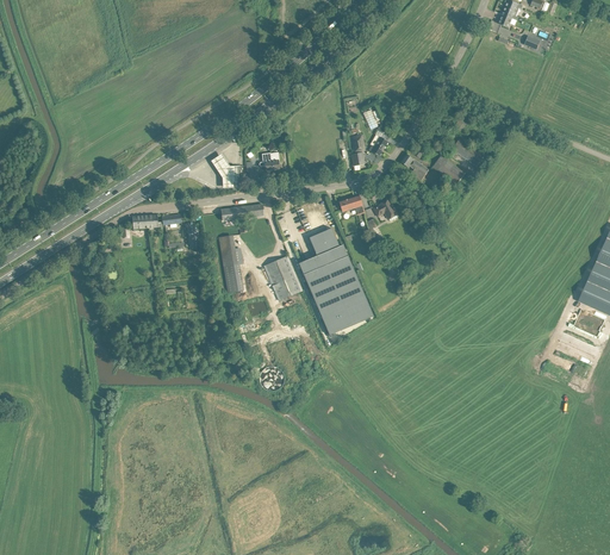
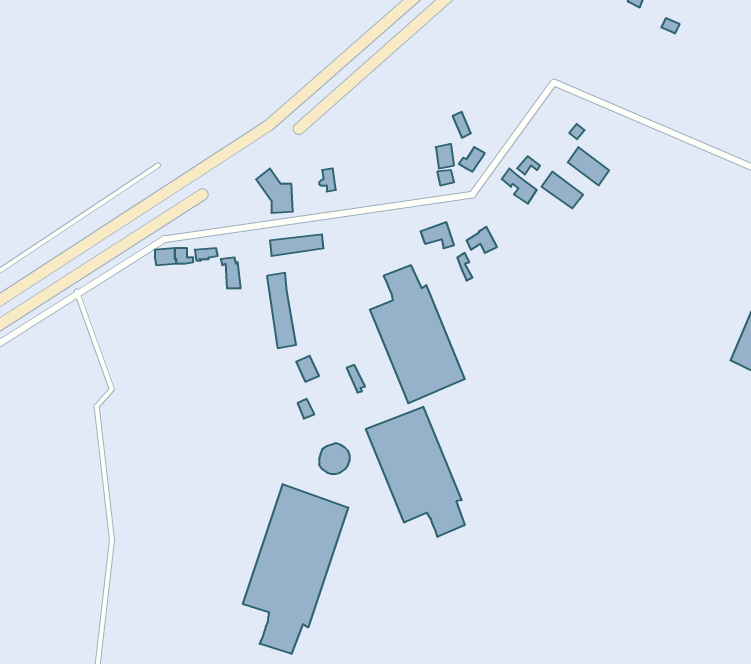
building: [264,255,303,299] -> none
building: none -> [366,407,465,537]
building: none -> [243,484,348,654]

